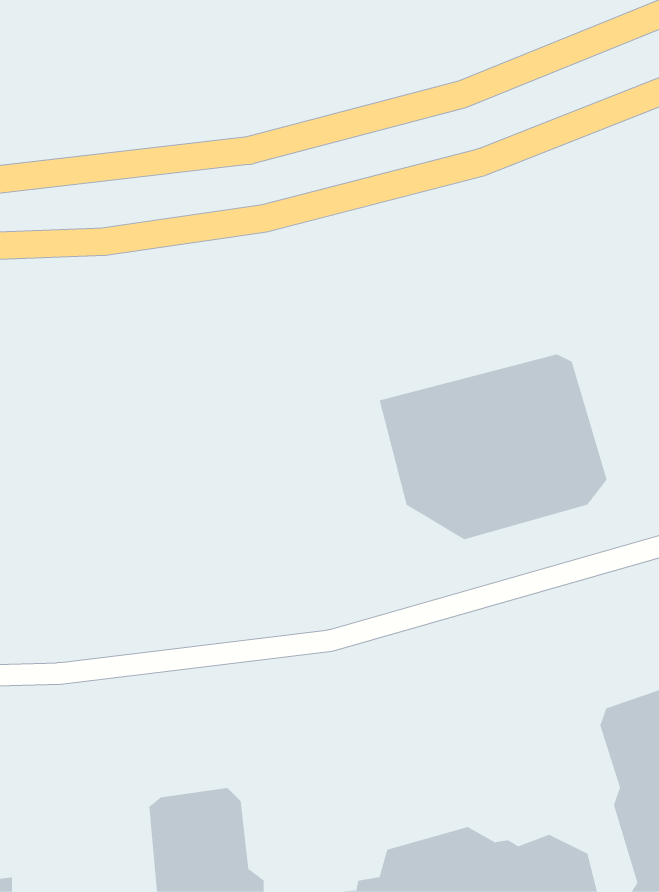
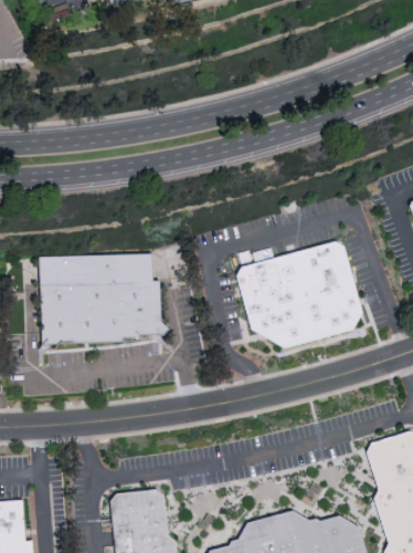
building: none -> [44,253,176,345]

